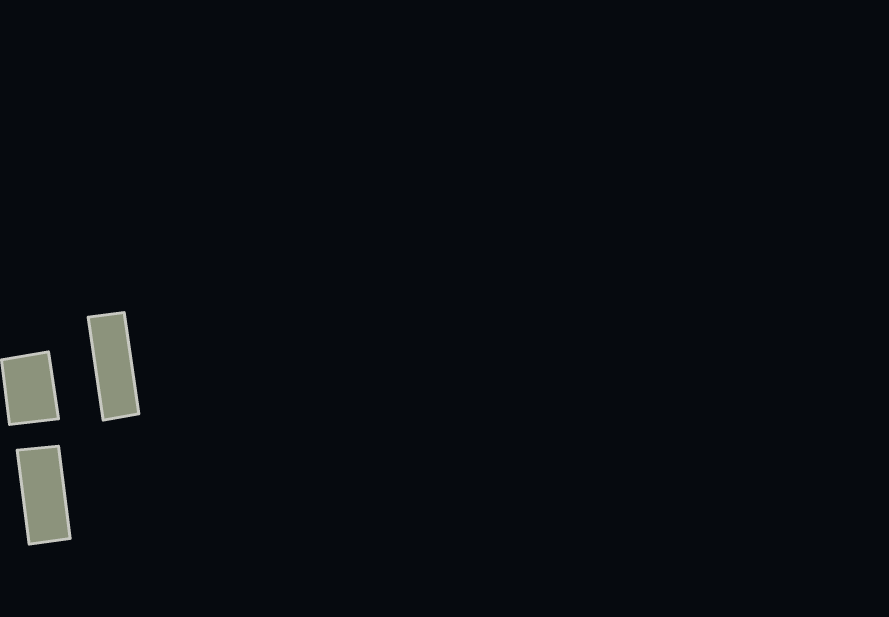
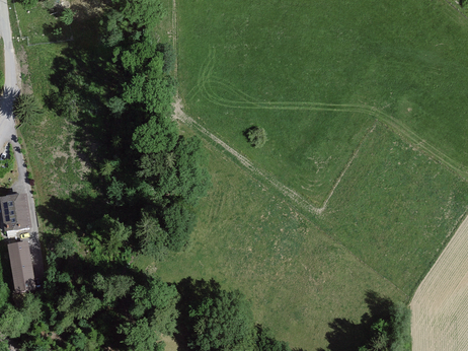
building: [88,313,139,420] -> none

